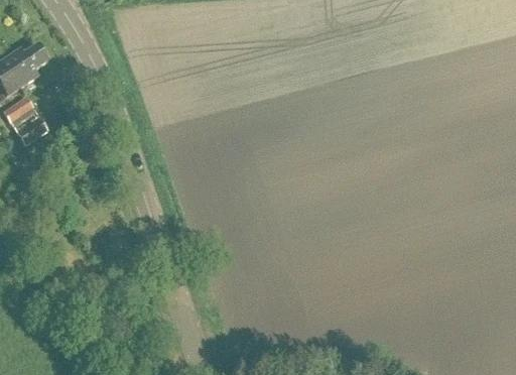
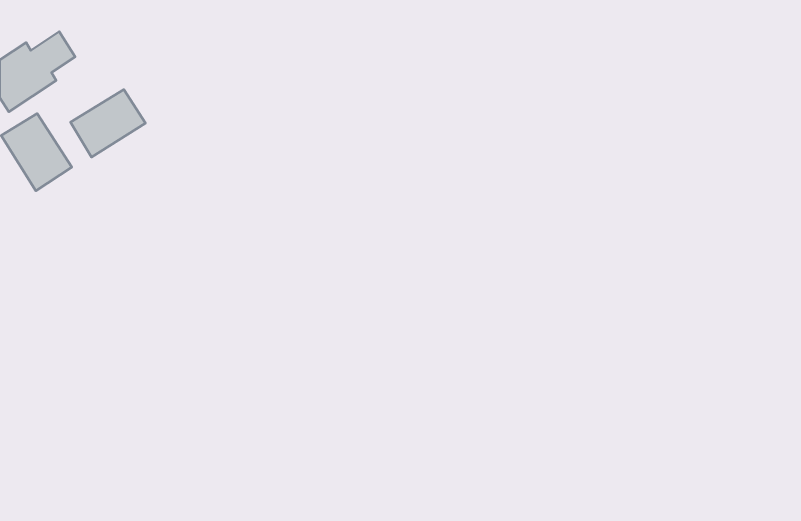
building: none -> [70,90,146,157]

